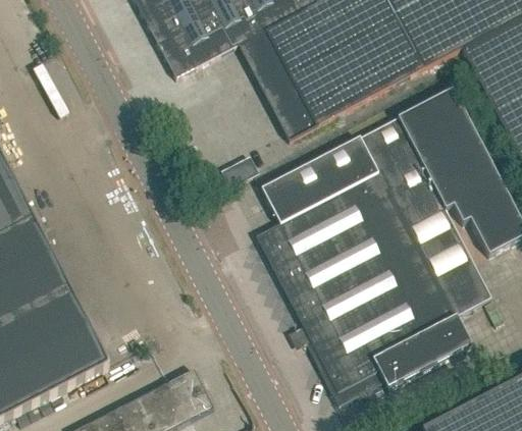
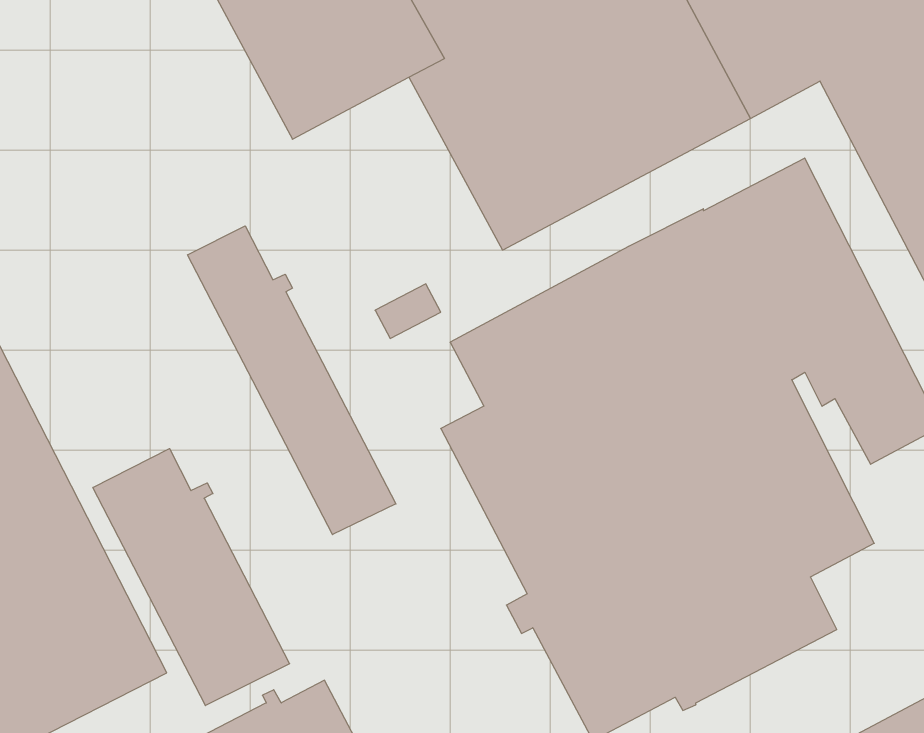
building: none -> [188,226,396,535]
building: none -> [93,449,290,706]

